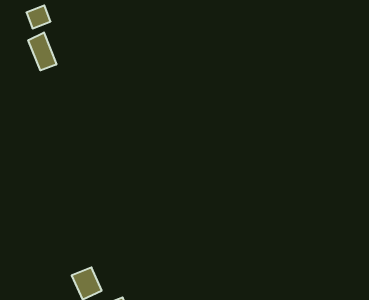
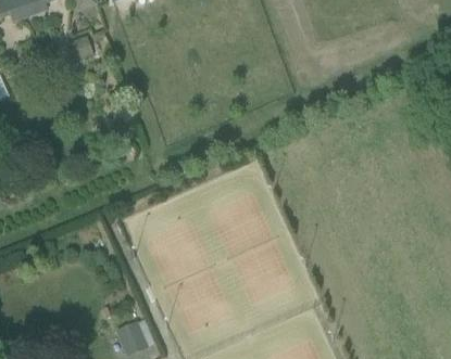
building: [28,32,56,70] -> none

